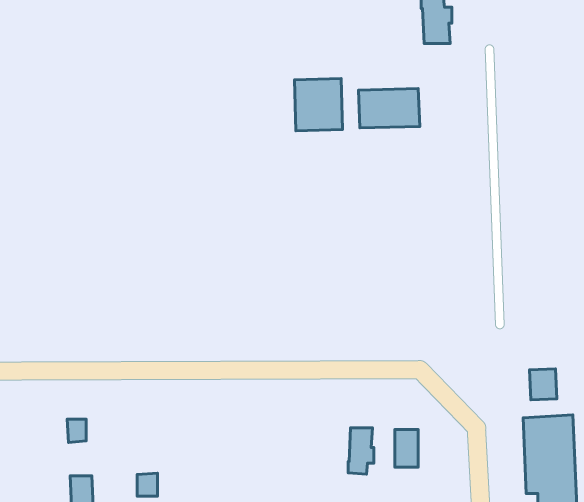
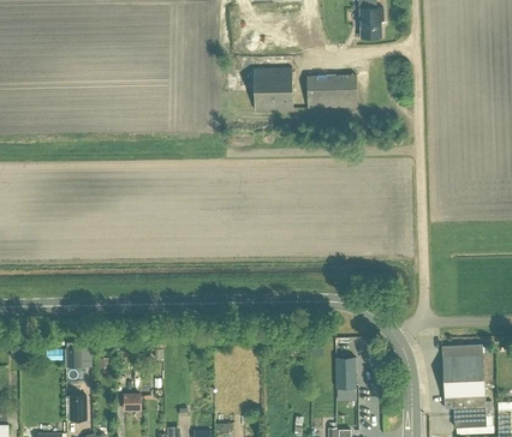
building: [529,369,557,400] -> none
building: [348,428,374,474] -> none

